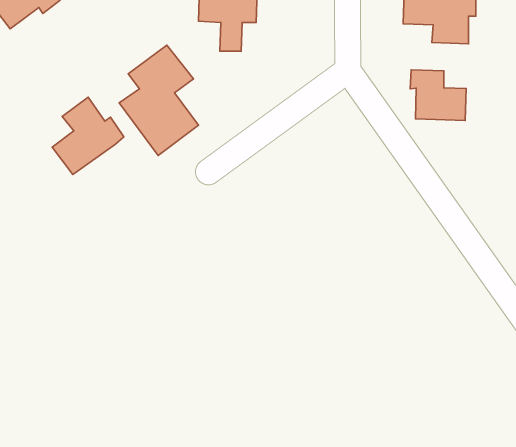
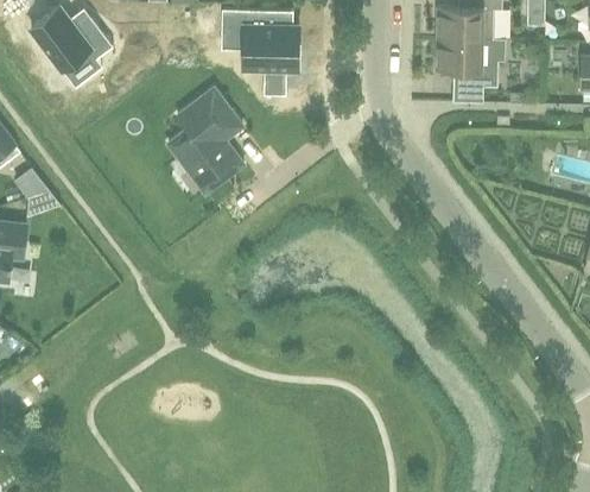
building: [410,70,466,121] -> none
building: [52,97,124,175] -> none

